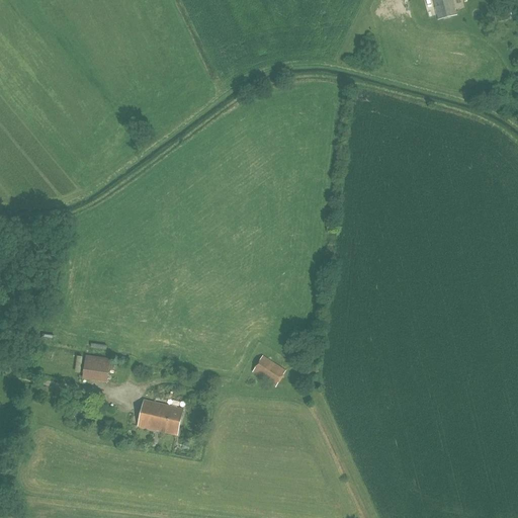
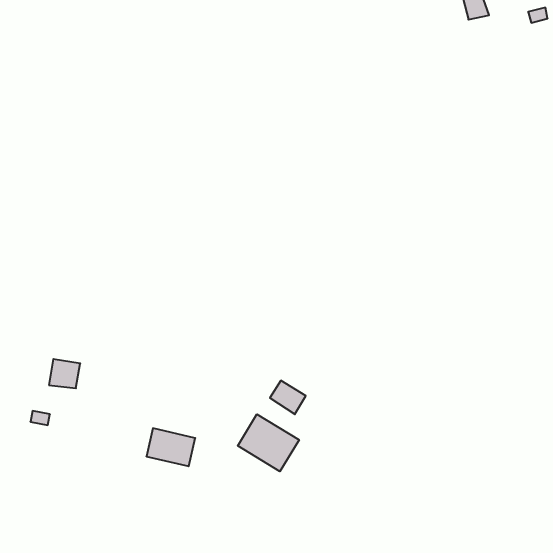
building: [81,354,110,381] -> [49,359,80,388]
building: none -> [238,414,299,471]

